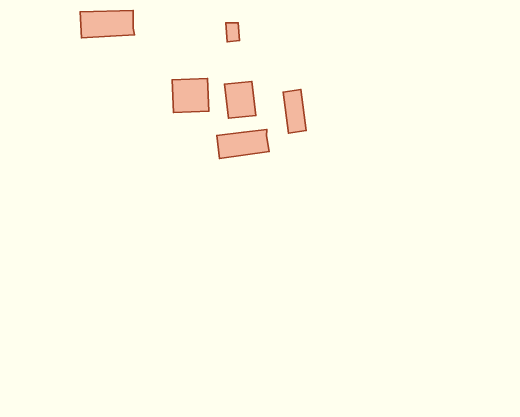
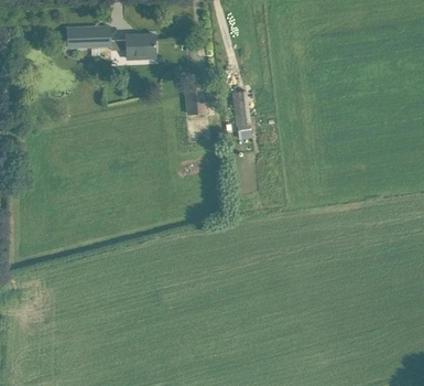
building: [172,79,209,113] -> [124,33,154,61]
building: [217,130,269,159] -> none

